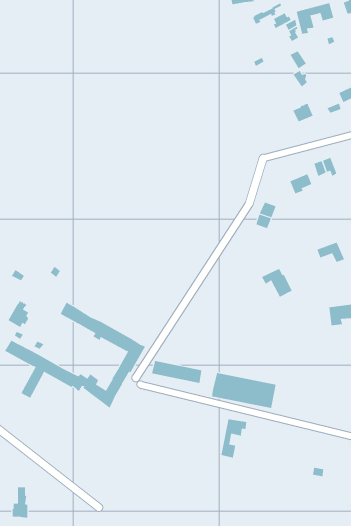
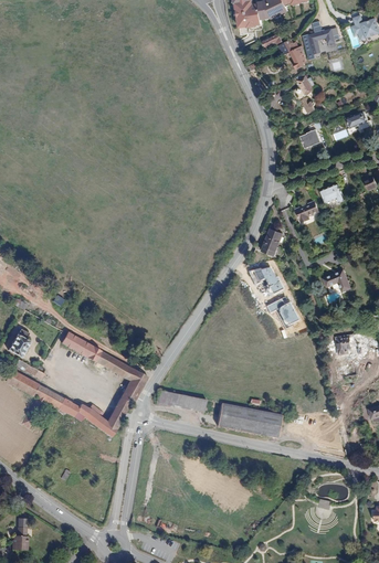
building: none -> [249,265,283,296]
building: [221,418,247,458] -> none

